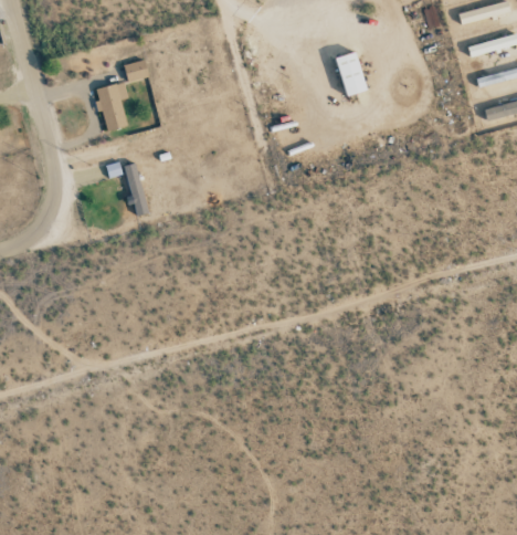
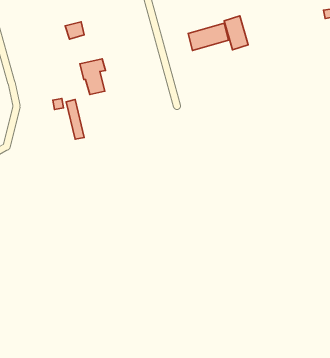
building: none -> [188,23,228,50]
building: [94,82,128,129] -> [80,59,106,95]

